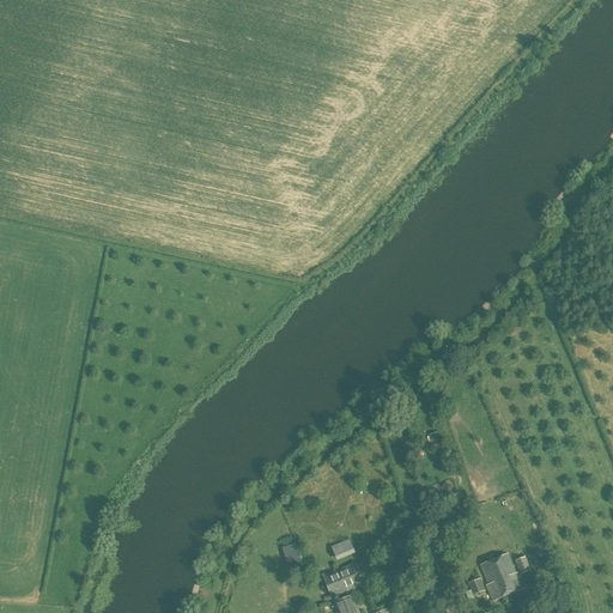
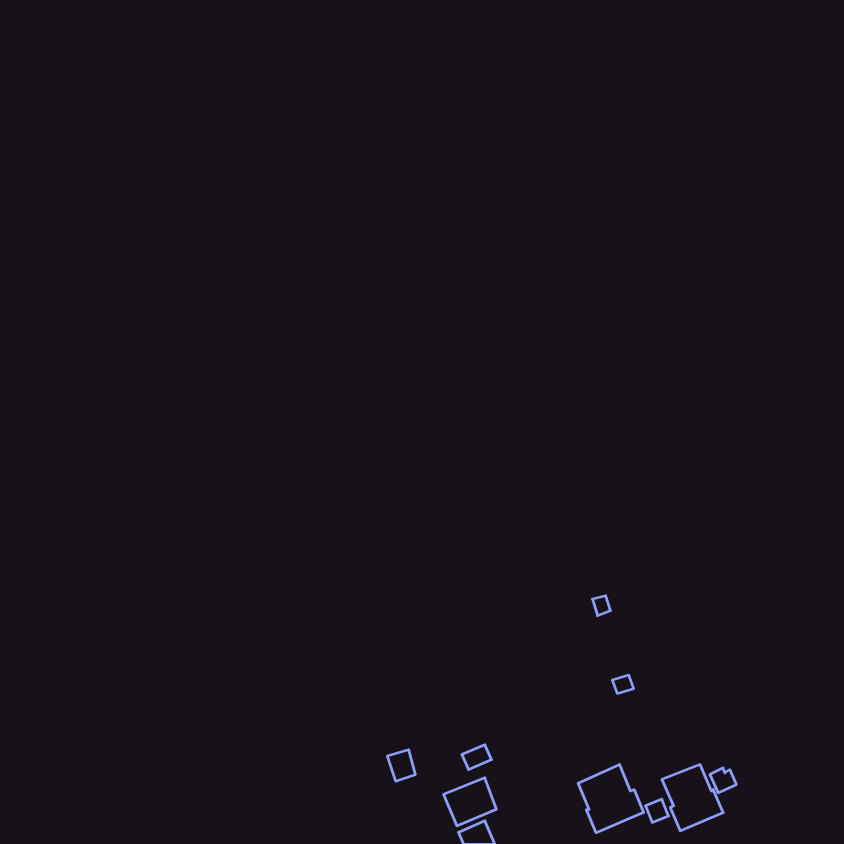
building: none -> [578,764,644,833]

